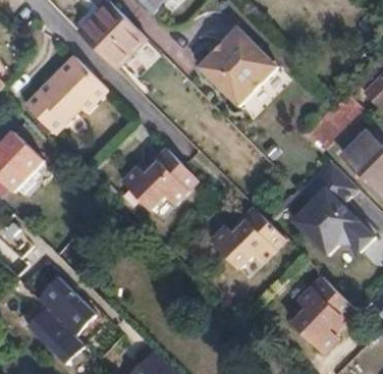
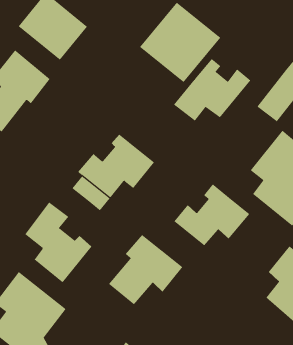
building: none -> [173,58,251,121]
building: none -> [25,201,92,283]
building: none -> [108,234,183,305]

